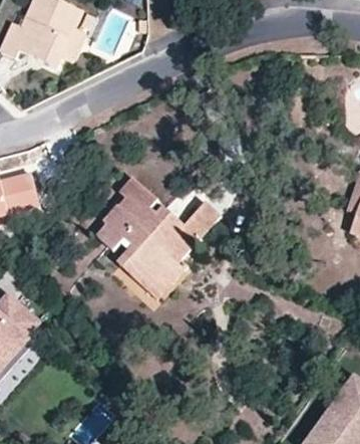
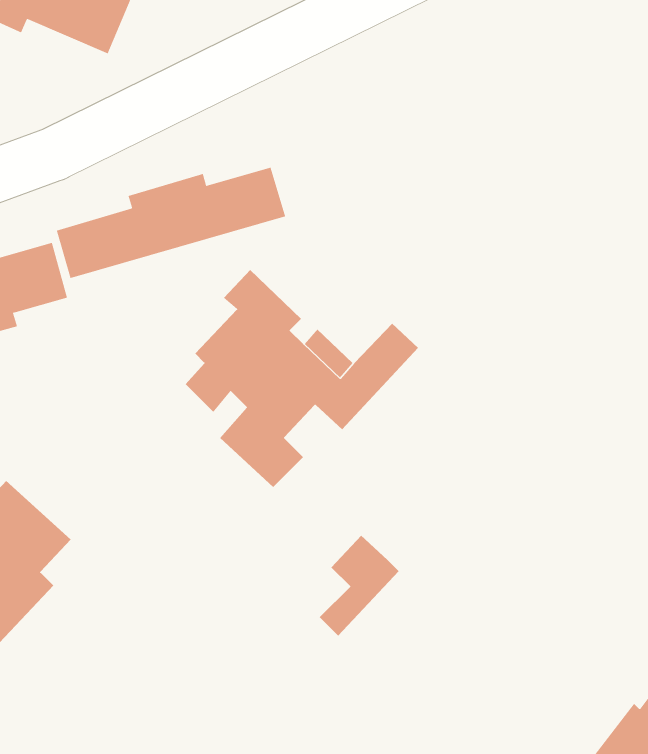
building: none -> [56,167,286,279]
building: [145,251,188,304] -> [319,535,400,636]

